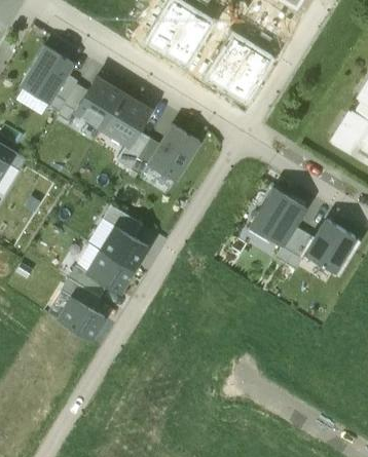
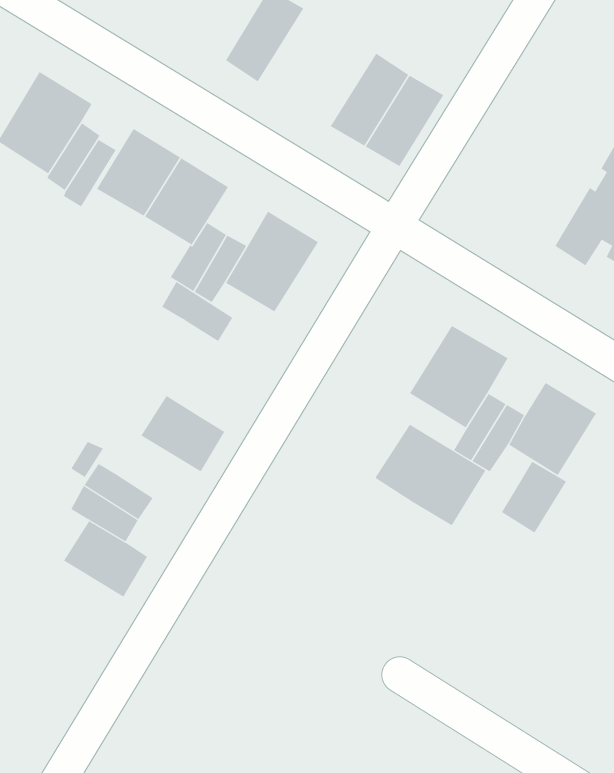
building: [167,12,211,65] -> none
building: [103,206,143,240] -> [161,281,233,342]
building: none -> [374,424,486,526]
building: [87,251,135,293] -> none
building: none -> [501,461,567,533]

